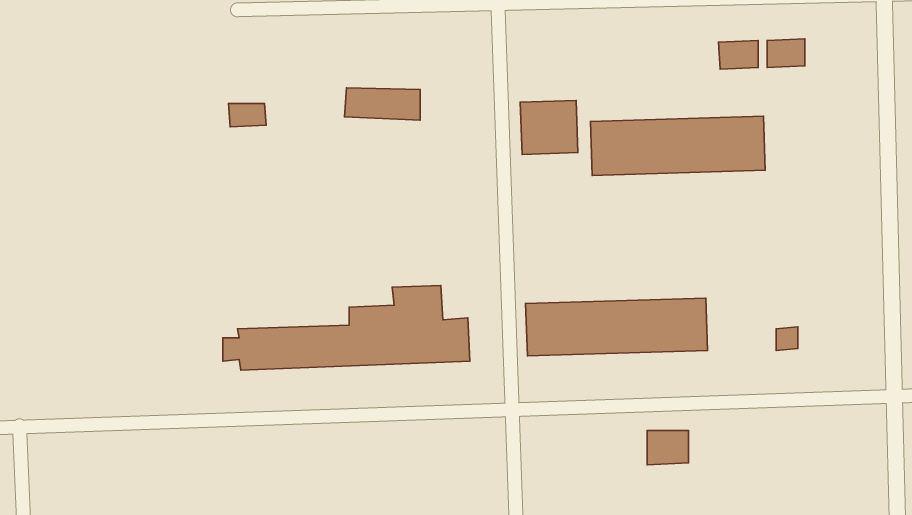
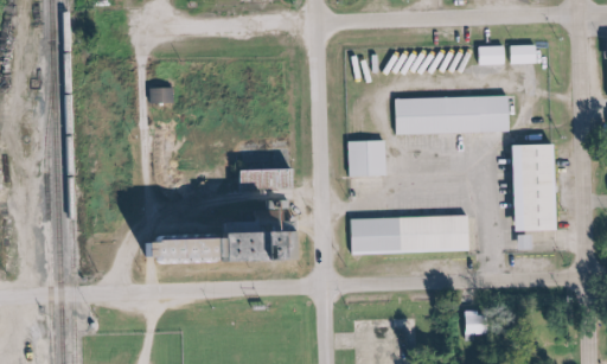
building: [345,88,420,120] -> [250,168,300,190]
building: [520,100,578,154] -> [343,141,381,177]
building: none -> [507,145,551,232]
building: [647,430,689,465] -> [467,312,494,334]

